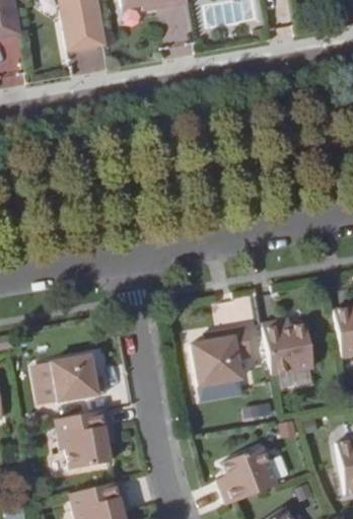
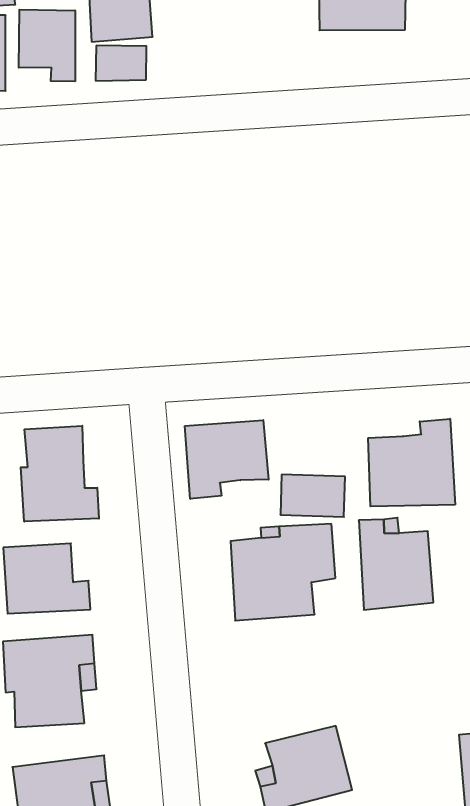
building: none -> [19,10,75,81]
building: none -> [368,419,455,506]
building: none -> [185,420,269,499]
building: none -> [21,426,99,522]

